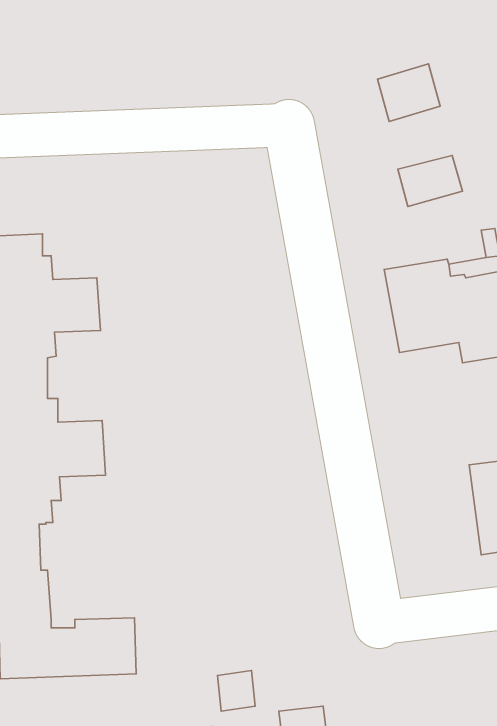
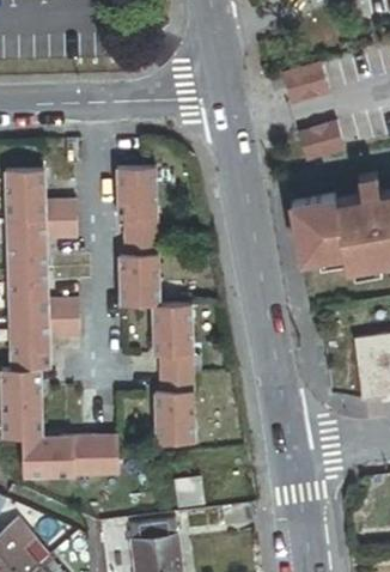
building: none -> [129,175,200,454]

